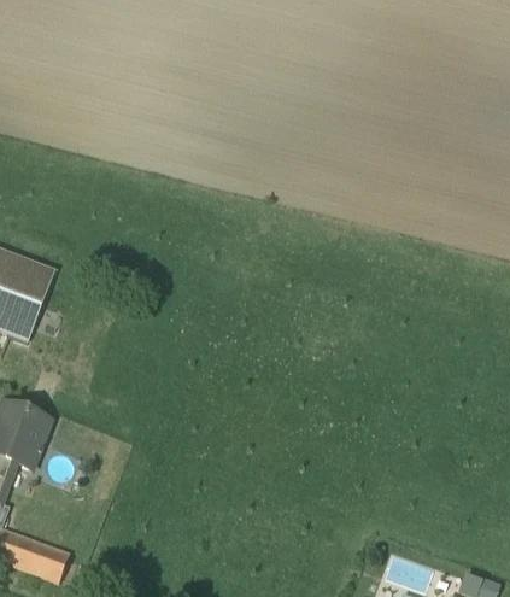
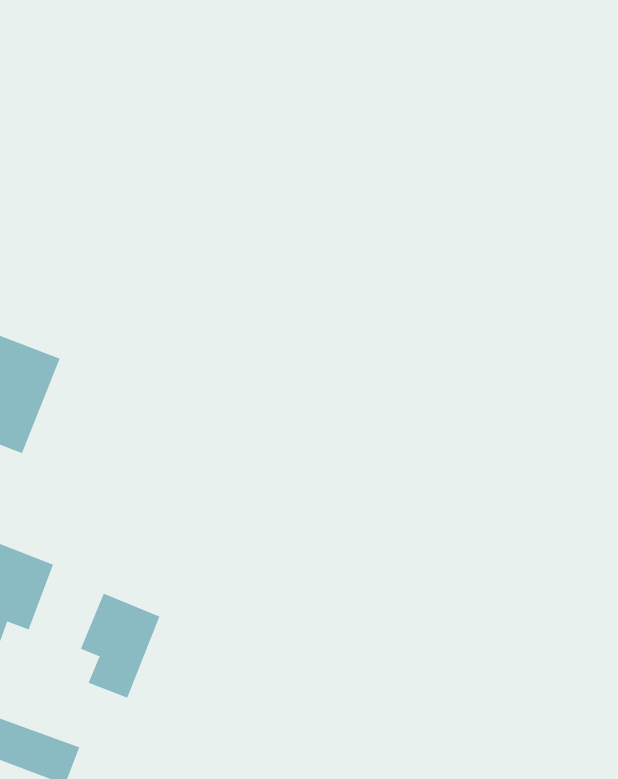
building: none -> [80,593,160,699]

